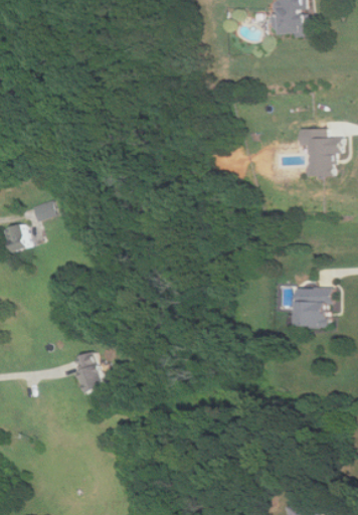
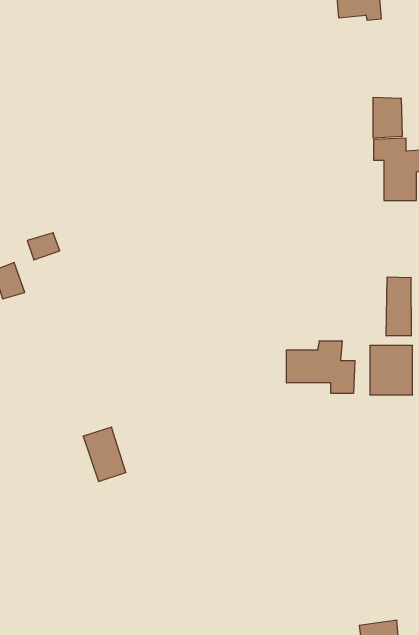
building: none -> [373,97,402,138]
building: none -> [386,277,411,336]
building: none -> [287,341,355,393]

